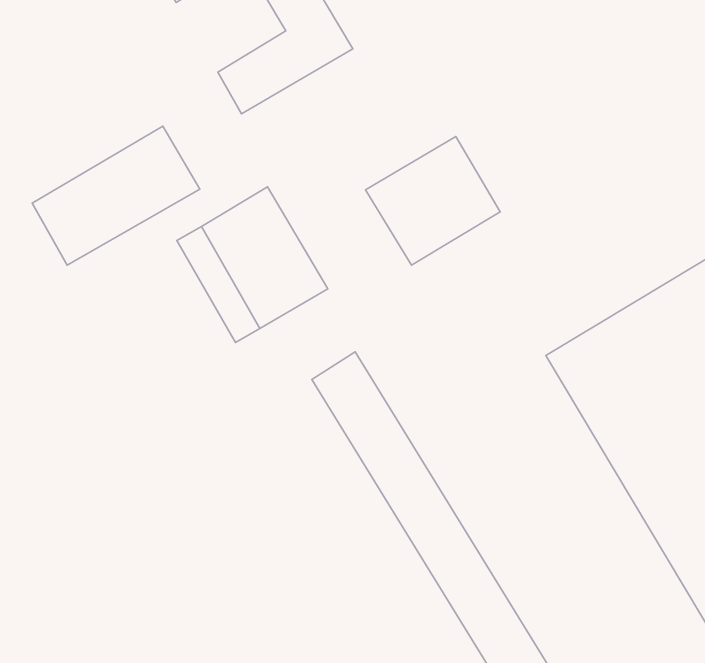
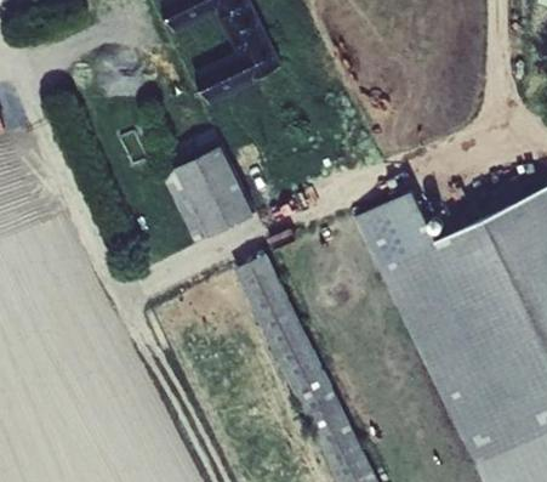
building: [32,126,200,265] -> none
building: [365,136,500,265] -> [357,191,438,267]

